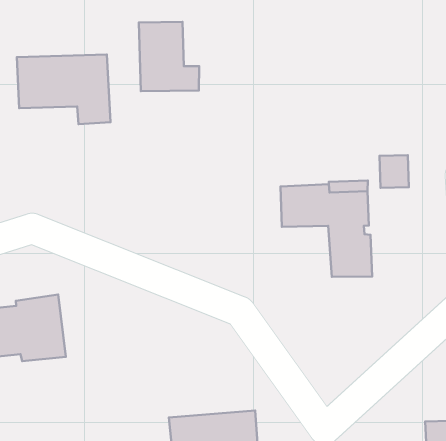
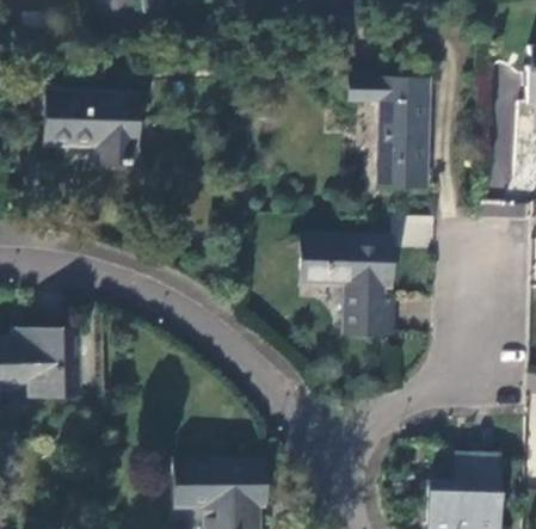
building: none -> [349,69,430,186]
building: [139,22,199,91] -> none

